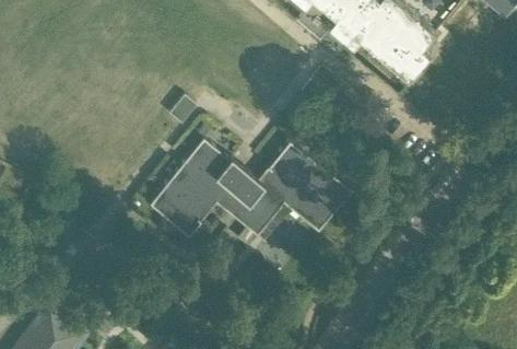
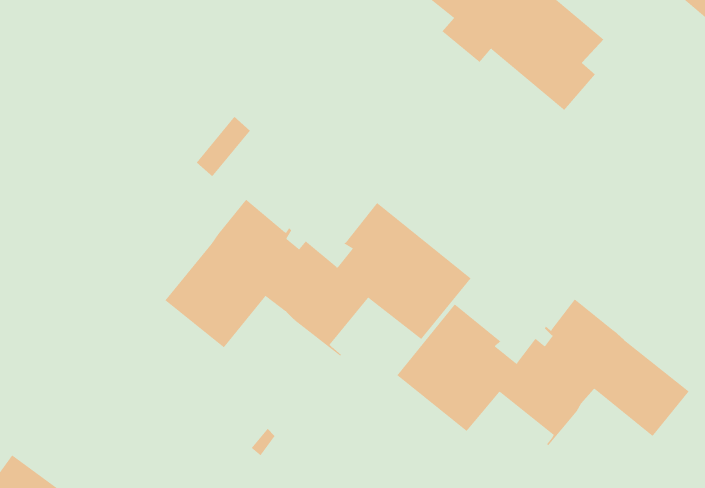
building: none -> [397,299,689,446]

